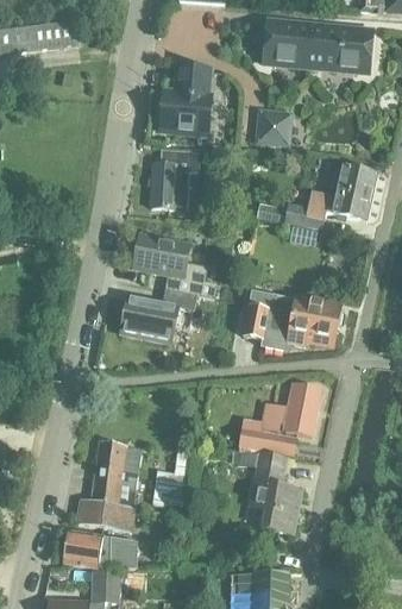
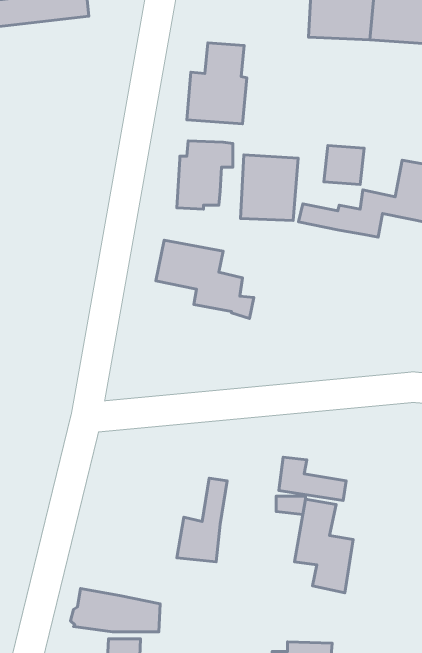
building: [256,111,290,144] -> [324,145,364,185]
building: none -> [240,155,298,220]
building: [121,288,197,341] -> none
building: [244,290,340,351] -> none
building: [262,383,321,435] -> none
building: [77,442,142,530] -> none

